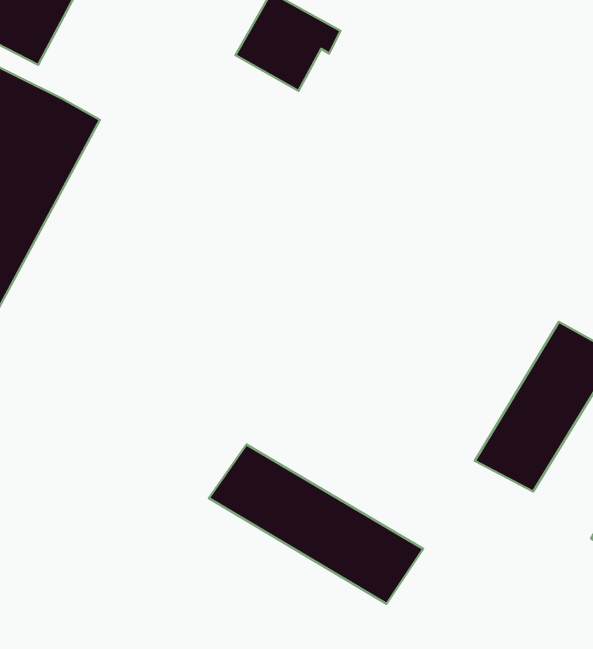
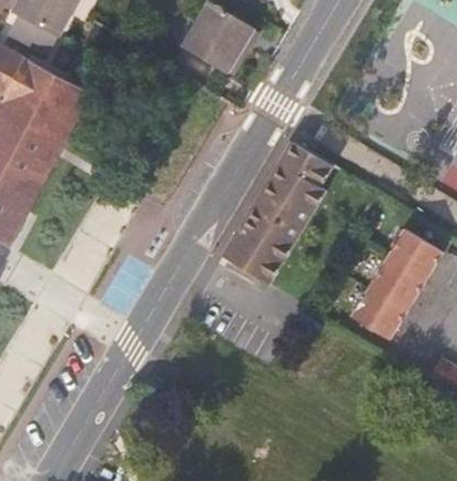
building: none -> [221,142,345,294]
building: [209,445,423,604] -> none

